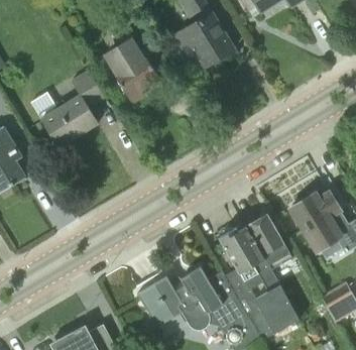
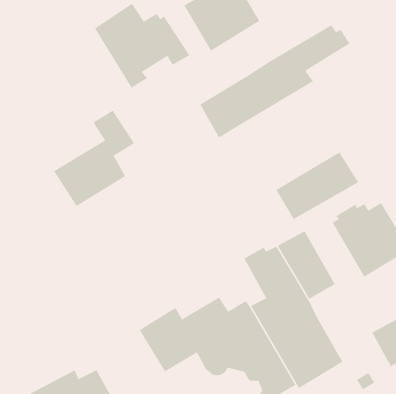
building: none -> [200,25,350,138]
building: [40,71,105,147] -> [53,110,135,207]
building: none -> [275,151,359,220]

